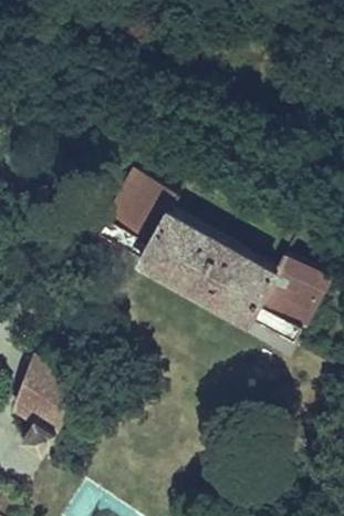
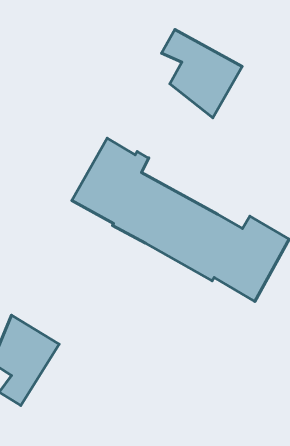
building: none -> [162,29,242,118]

